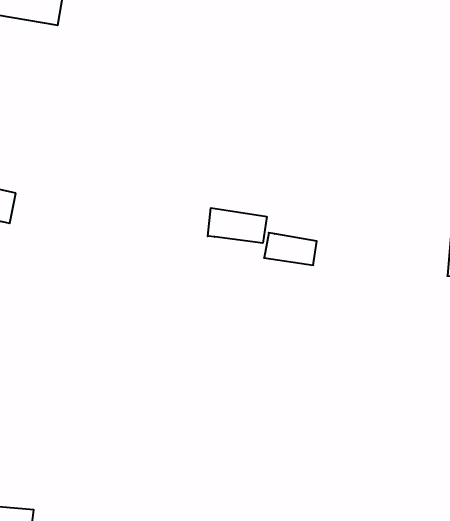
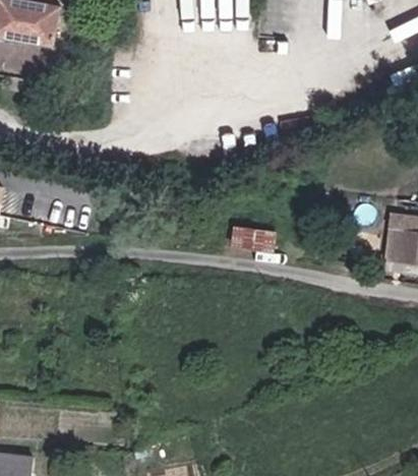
building: [208,208,267,243] -> none

